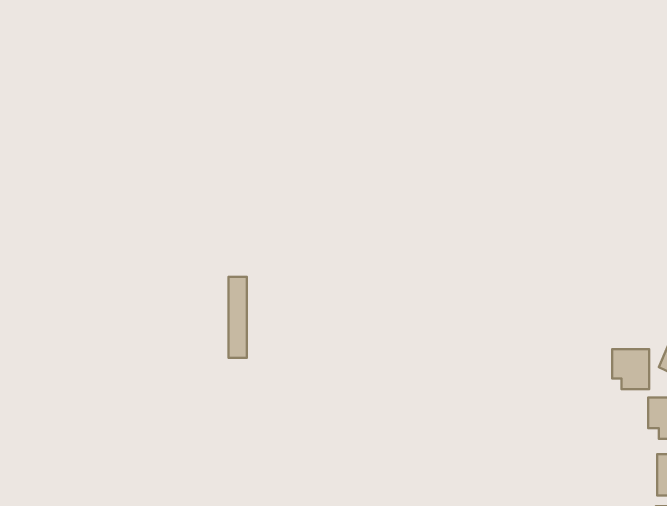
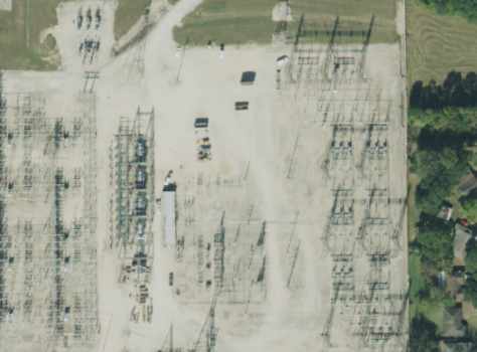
building: [612,349,649,389] -> none

